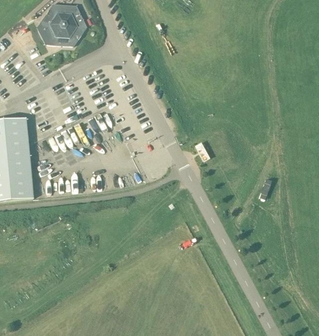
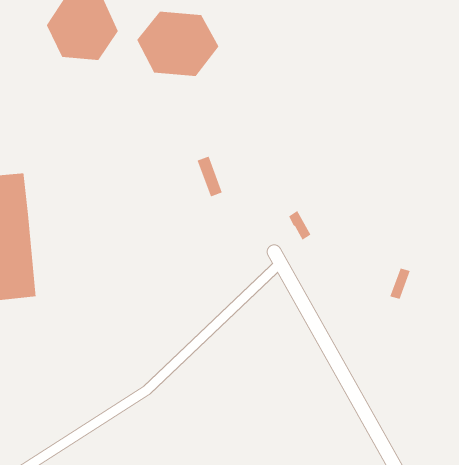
building: none -> [136,11,219,77]

